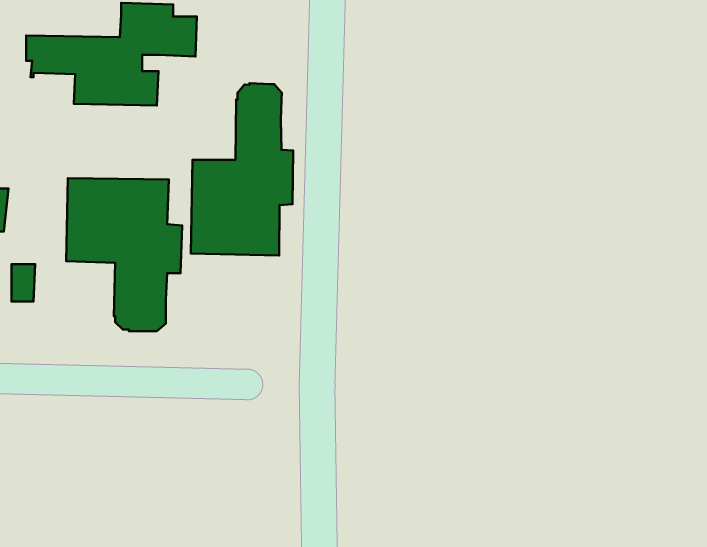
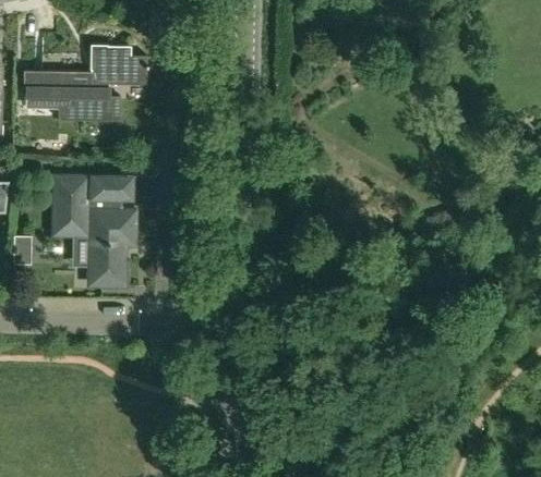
building: [191,83,293,255] -> none

